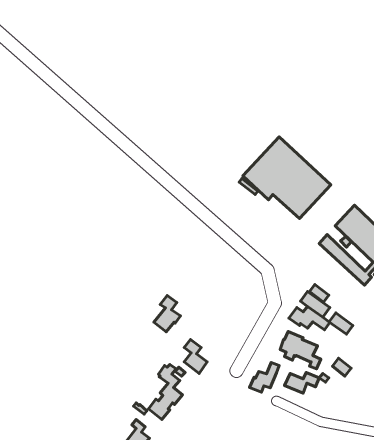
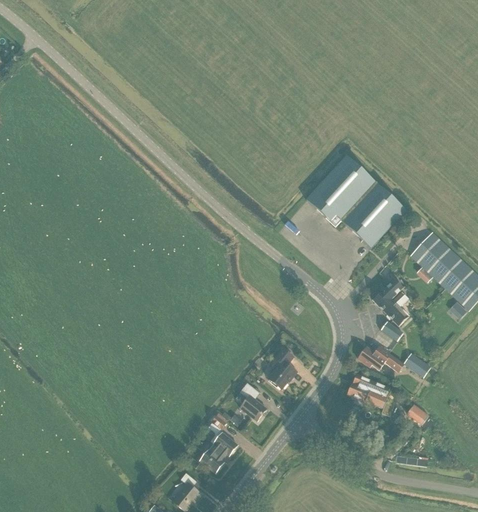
building: none -> [373,279,409,326]
building: [154,295,180,332] -> [267,348,297,389]
building: [249,362,279,392] -> none
building: [285,372,319,393] -> none

